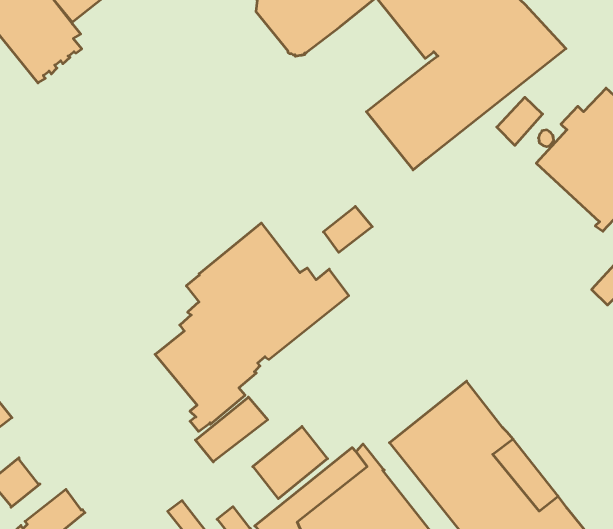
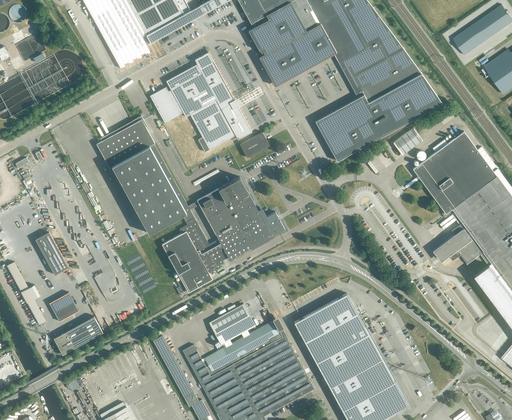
building: none -> [150,53,252,152]
building: none -> [97,116,194,234]
building: [323,206,372,252] -> [240,132,270,158]
building: [195,397,268,462] -> none

